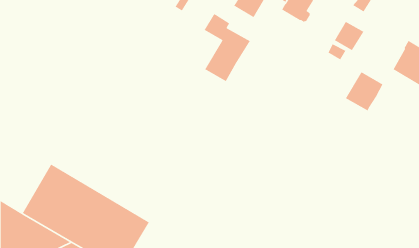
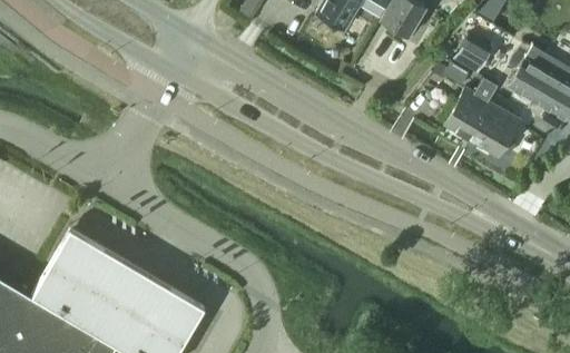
building: [203,13,251,82] -> none
building: none -> [510,48,552,99]
building: none -> [444,79,498,138]

